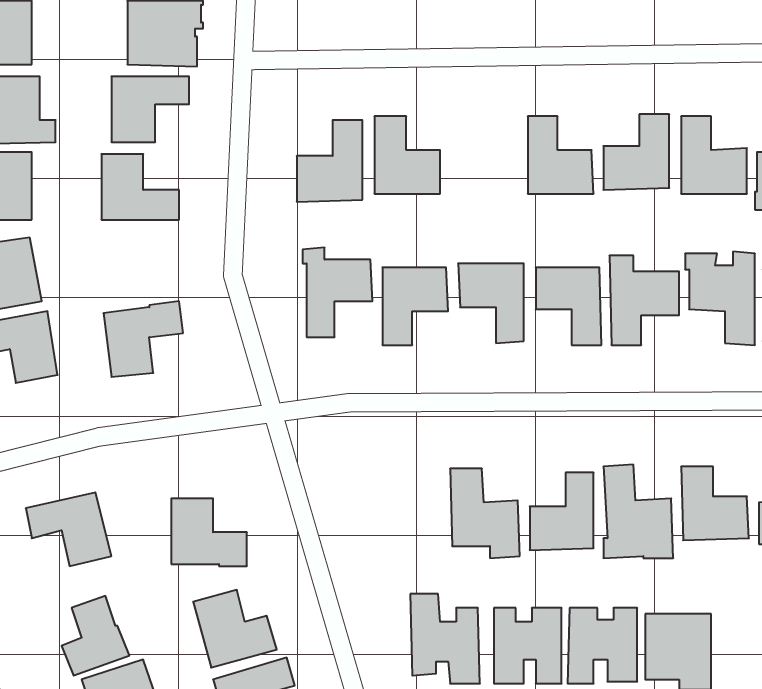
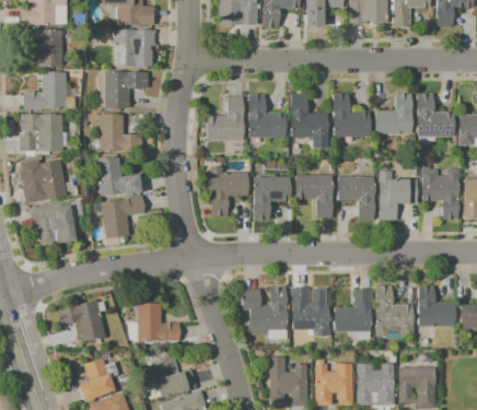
building: none -> [291,94,327,149]
building: none -> [95,157,140,196]
building: none -> [243,288,287,330]

